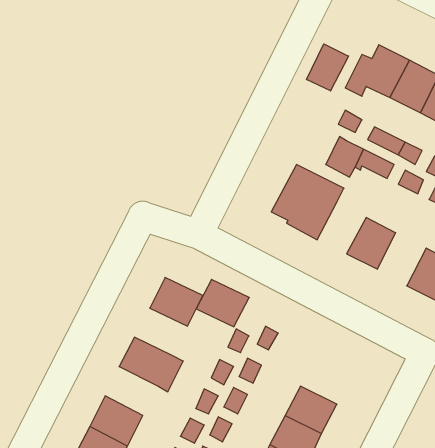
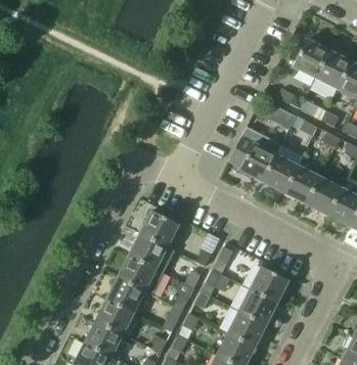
building: [307,44,349,91] -> none
building: none -> [262,144,303,192]
building: none -> [306,177,342,216]
building: [196,279,249,327] -> [128,232,167,267]
building: none -> [250,266,287,303]
building: none -> [106,275,145,311]

